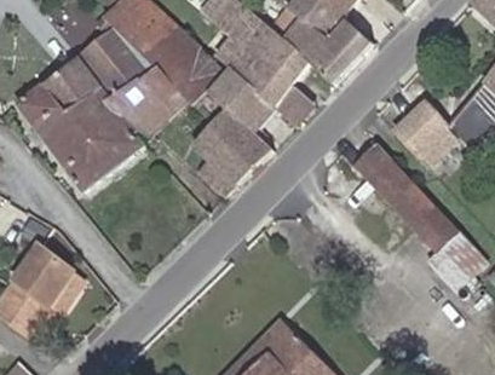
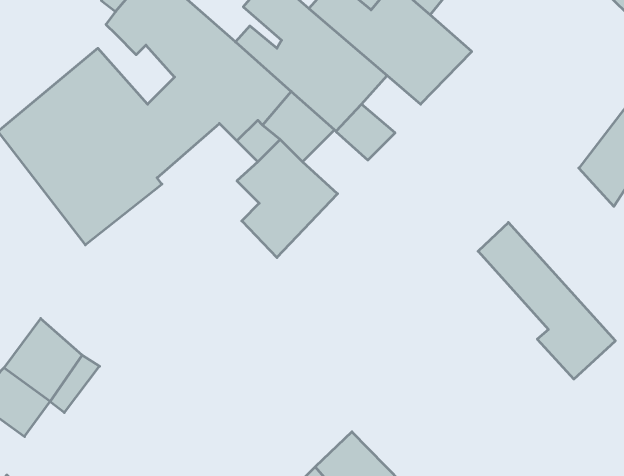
building: [90,28,148,81] -> none
building: [403,108,467,172] -> none
building: [352,144,401,192] -> none

